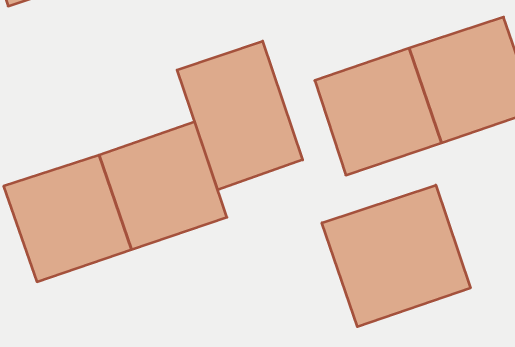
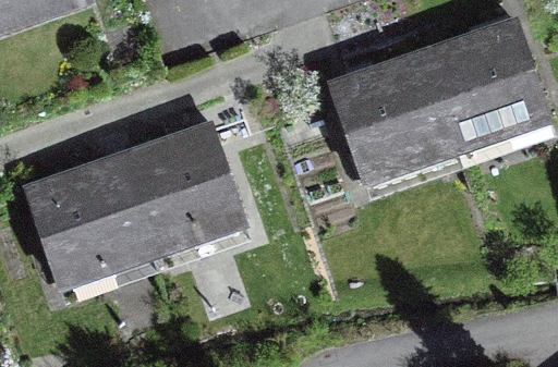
building: [177,41,303,190] -> none
building: [322,185,470,327] -> none

